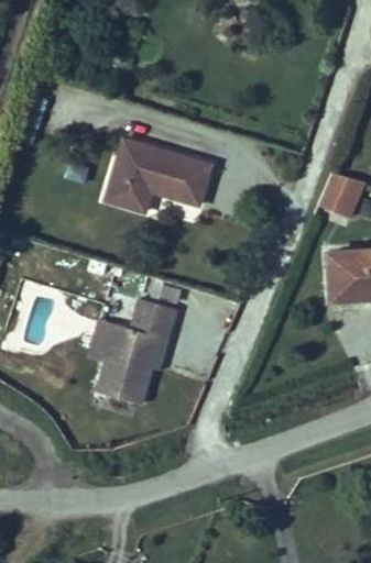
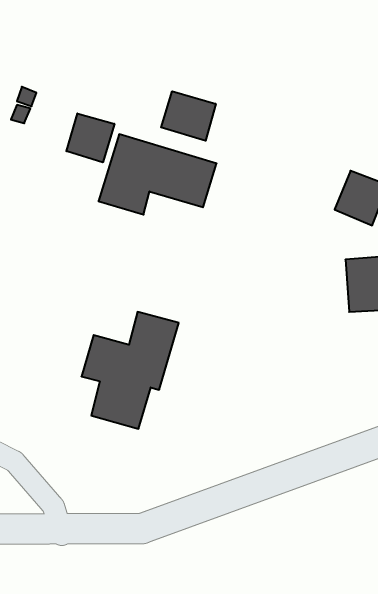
building: none -> [161,91,216,141]
building: none -> [66,113,114,162]

